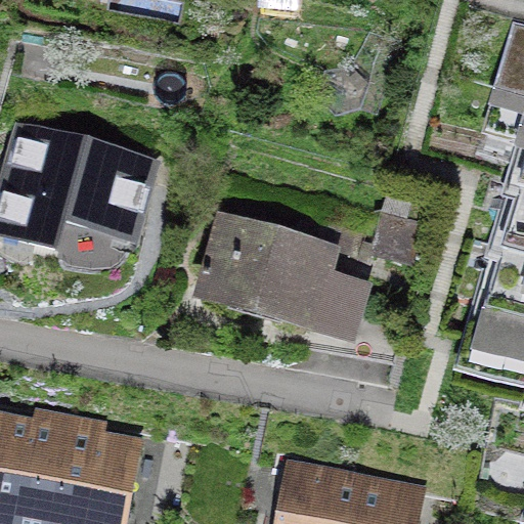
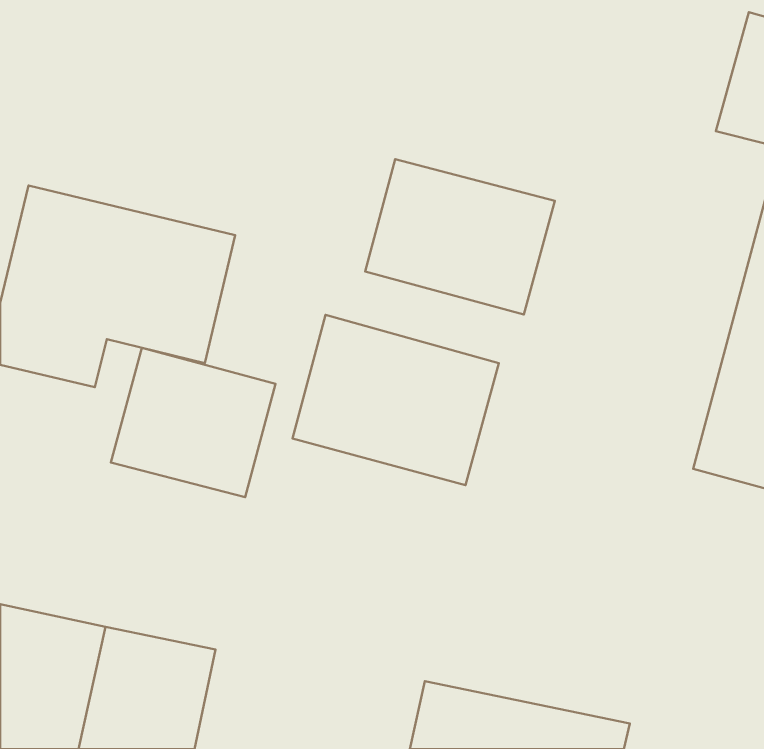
building: none -> [365,159,555,314]
building: none -> [111,348,276,497]

